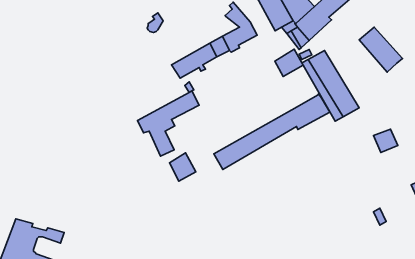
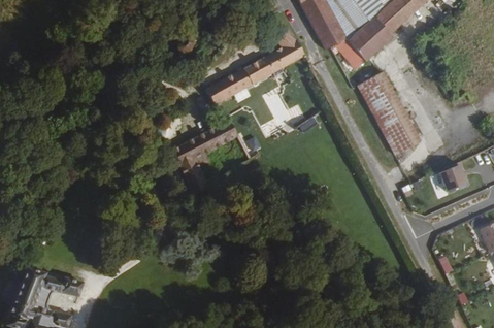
building: [359,27,402,72] -> none
building: [275,49,303,77] -> none
building: [214,94,330,169] -> none
building: [169,153,196,181] -> none

